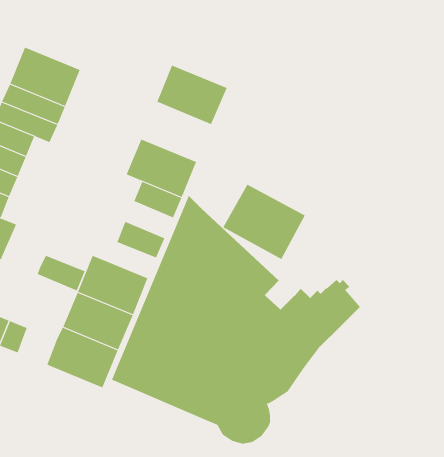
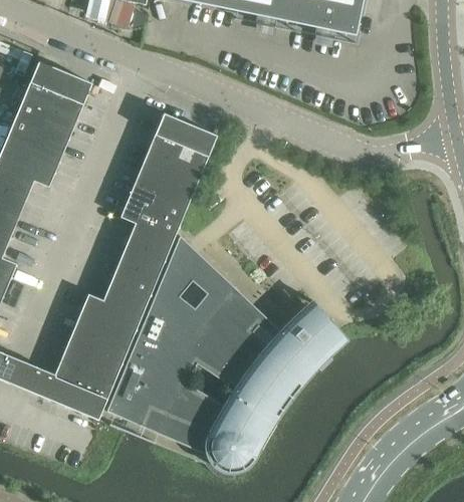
building: none -> [24,60,92,116]
building: none -> [135,147,202,204]
building: [223,184,305,260] -> none
building: none -> [120,241,166,276]
building: [37,255,86,291] -> [103,280,150,314]
building: none -> [18,361,54,397]

